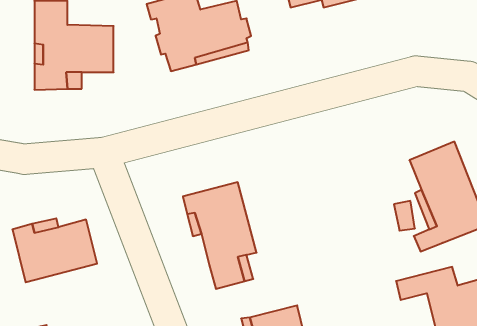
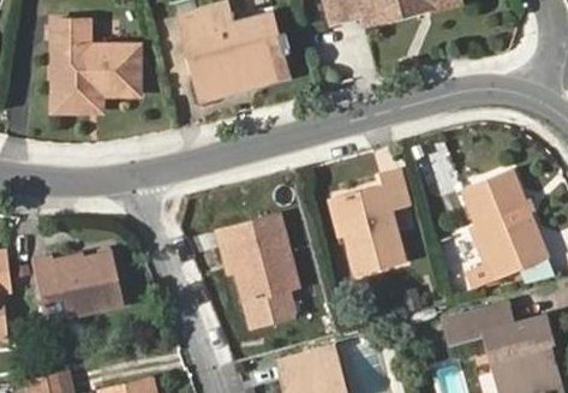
building: none -> [333,169,407,274]

